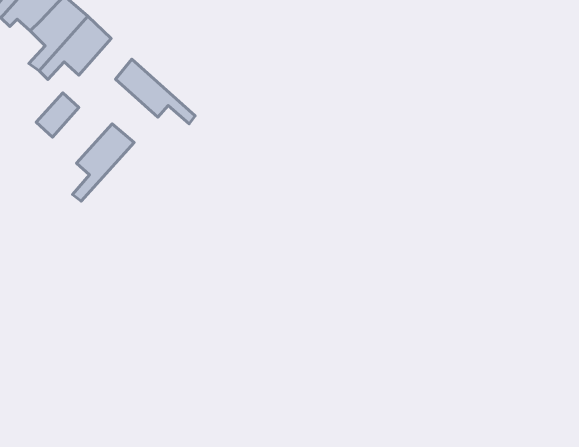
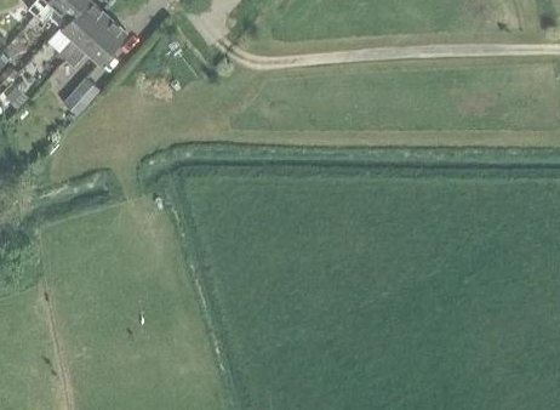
building: [116,59,195,124] -> none
building: [72,124,134,201] -> none

